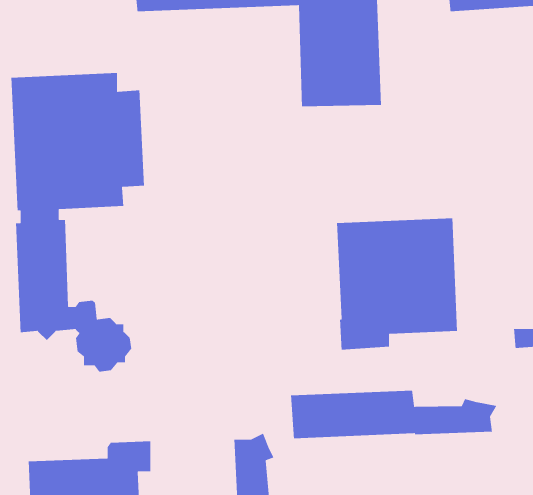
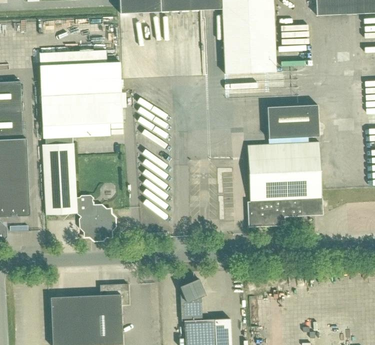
building: none -> [267,104,319,139]
building: [290,390,498,439] -> none

